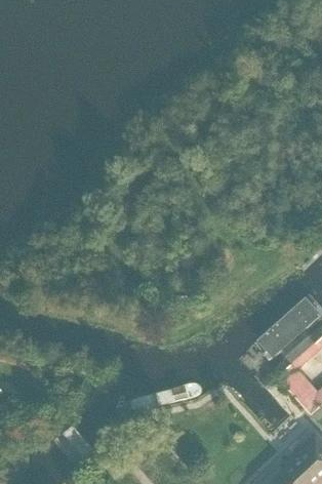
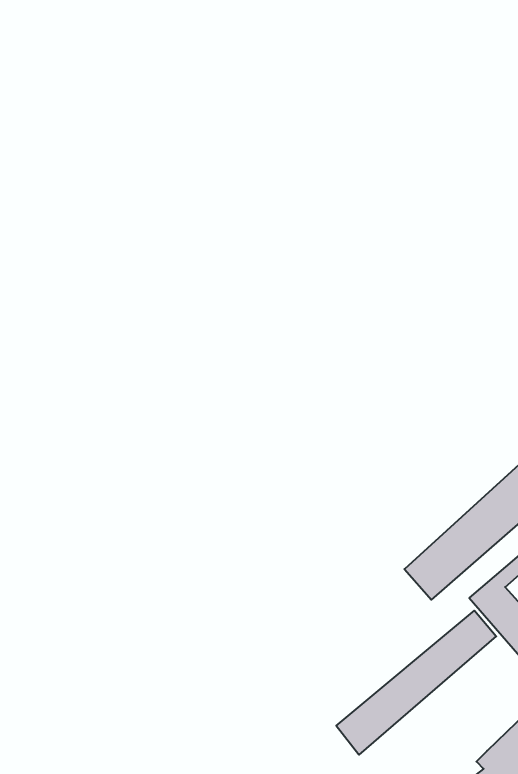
building: none -> [336,611,496,755]

